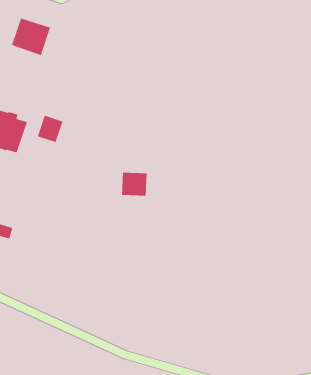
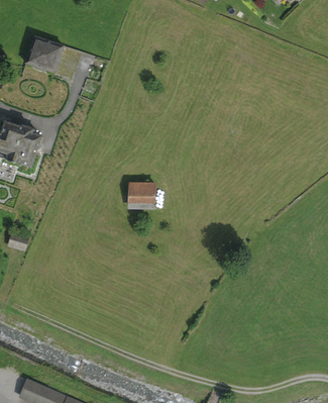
building: [37,115,63,143] -> none

